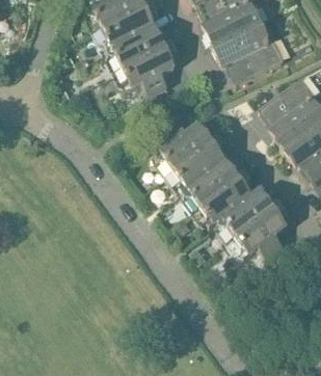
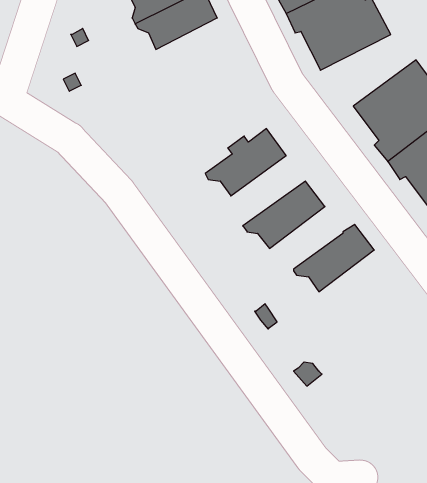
building: [124,47,177,95] -> none
building: [176,142,228,191] -> none
building: [203,178,253,229] -> none
building: [237,208,289,259] -> none

